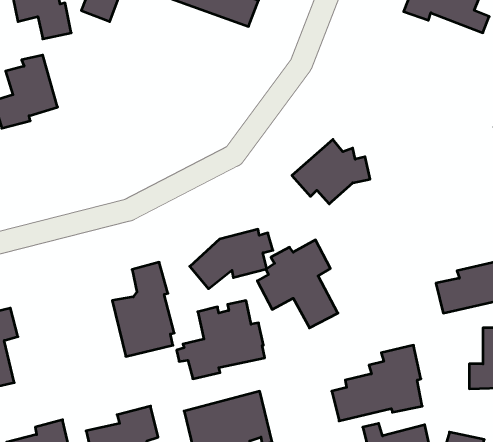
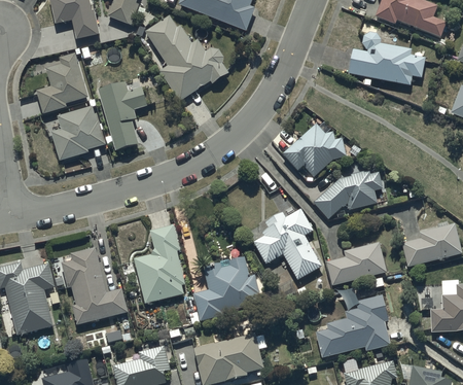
building: none -> [145,16,227,102]
building: none -> [347,43,424,85]
building: none -> [97,81,146,150]
building: none -> [49,106,105,162]
building: [190,229,273,289] -> [313,170,382,219]
building: none -> [326,242,386,285]
building: none -> [61,248,128,325]

